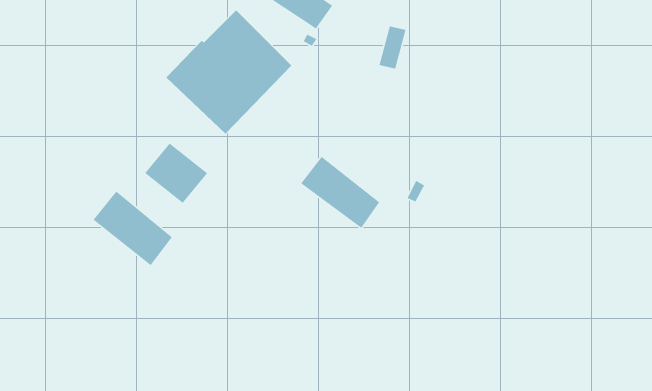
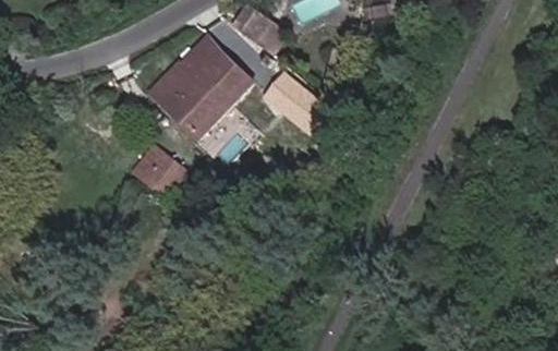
building: [300,156,380,229] -> [264,74,329,134]
building: [93,191,173,266] -> none

